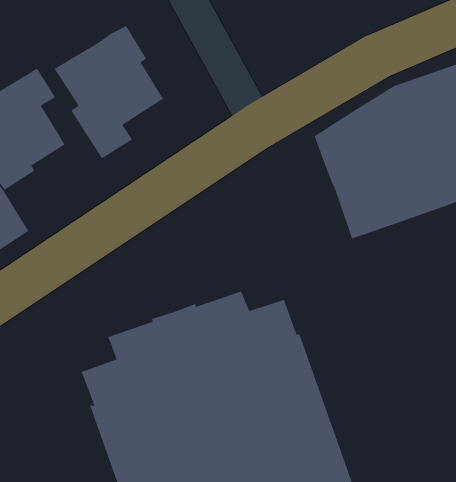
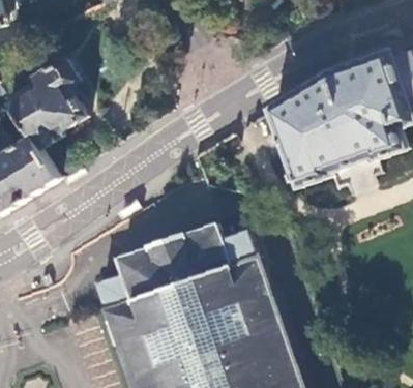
building: [54,25,164,159] -> none

